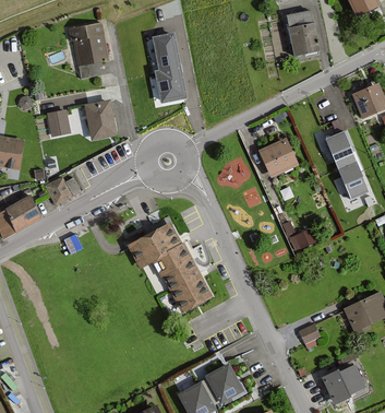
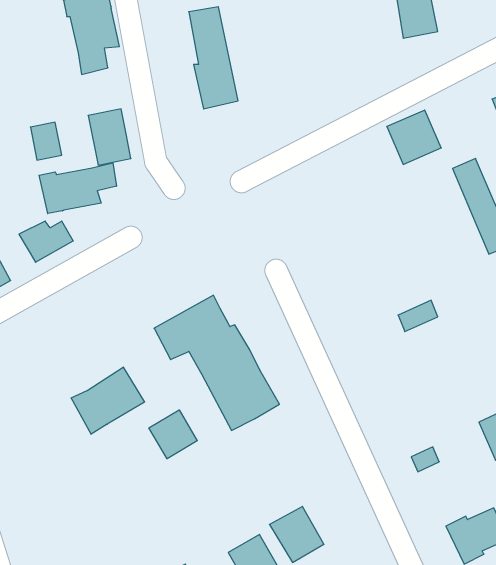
building: none -> [39,163,116,214]
building: [262,140,298,176] -> [387,110,441,164]
building: none -> [71,367,145,434]
building: none -> [149,410,197,459]

